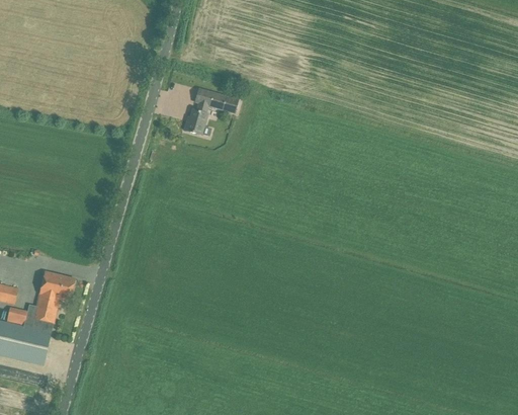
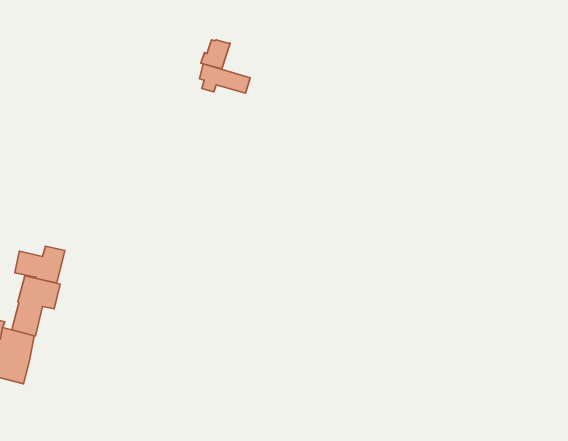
building: [183,108,208,134] -> [201,40,230,69]
building: none -> [15,246,65,283]

